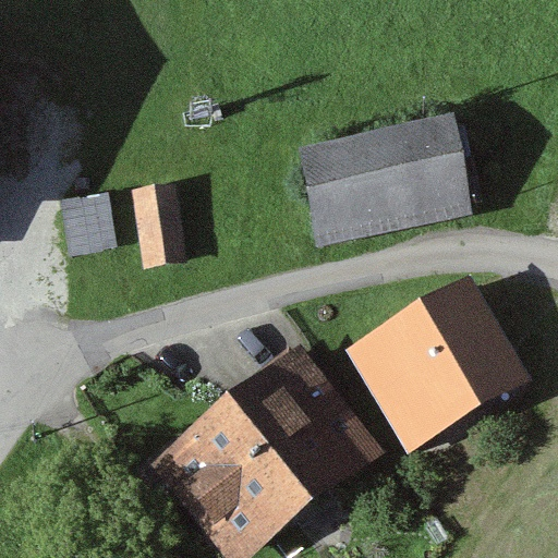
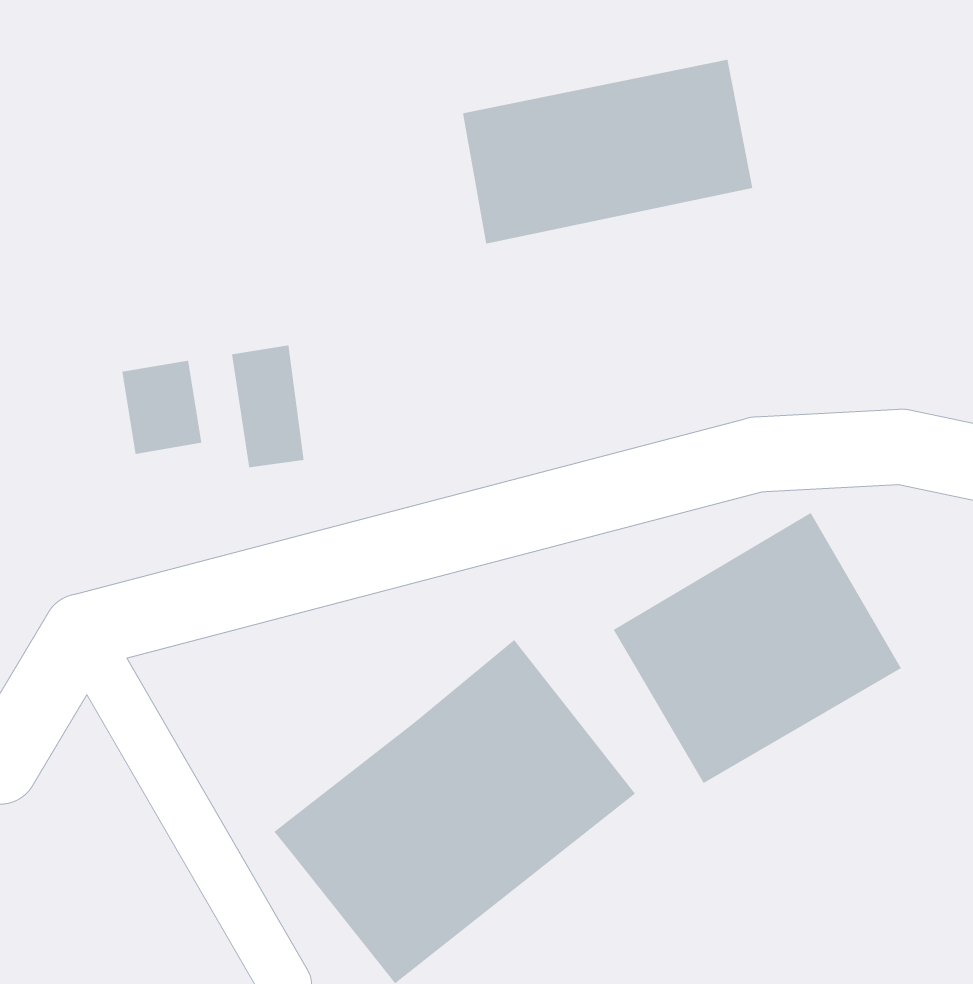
building: [302,132,466,236] -> [462,59,753,244]

